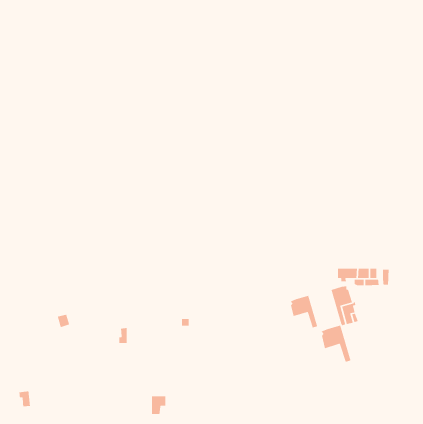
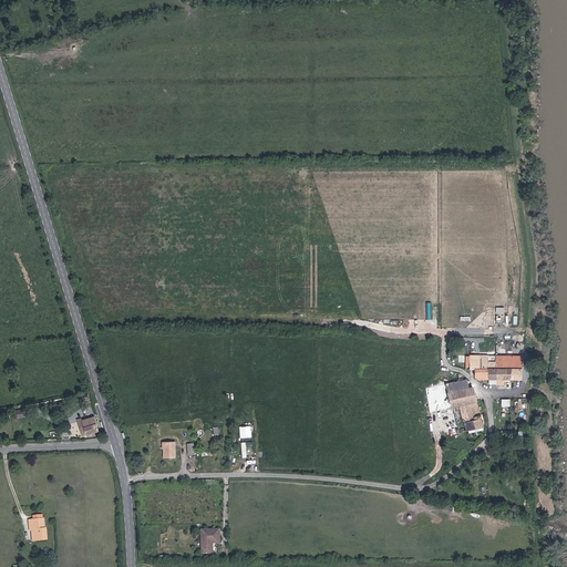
building: [290,295,318,328] -> none
building: [320,324,351,363] -> none

